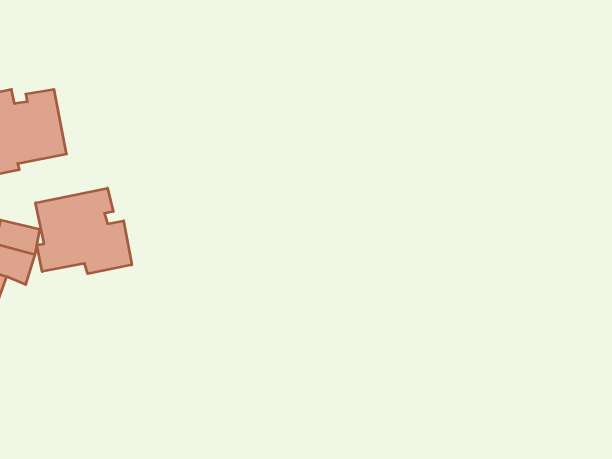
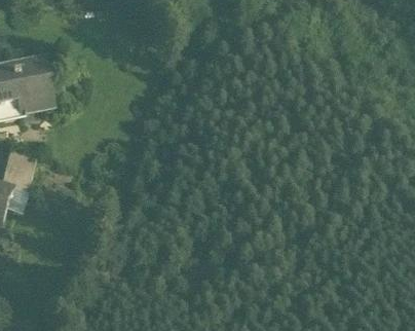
building: [36,188,132,274] -> none

